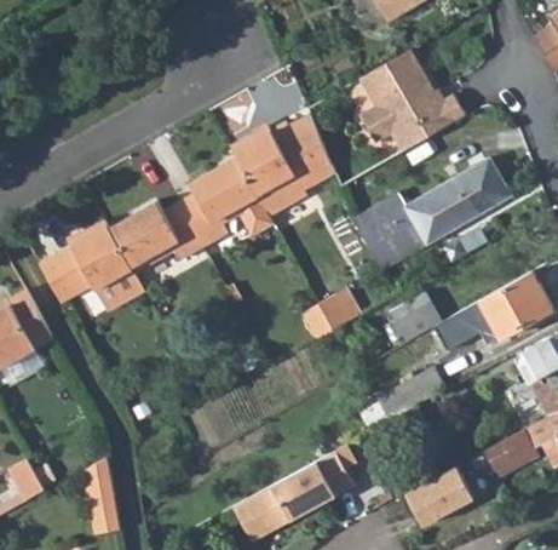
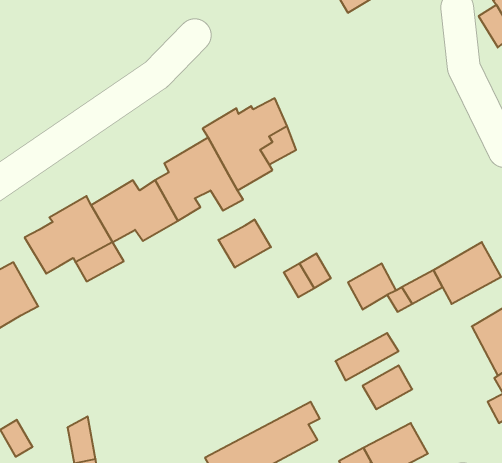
building: [361,50,465,151] -> none
building: [359,157,508,268] -> none
building: none -> [218,219,271,268]
building: [482,429,535,476] -> [363,365,412,409]

